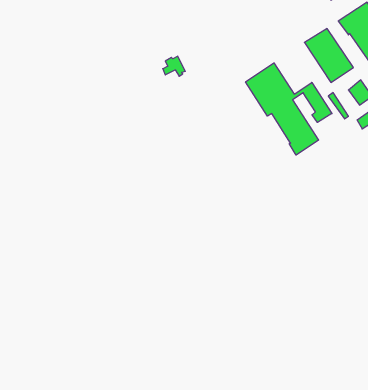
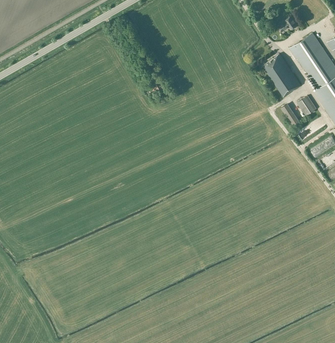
building: [246,63,332,155] -> none

